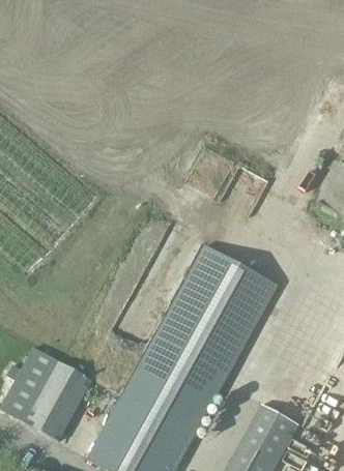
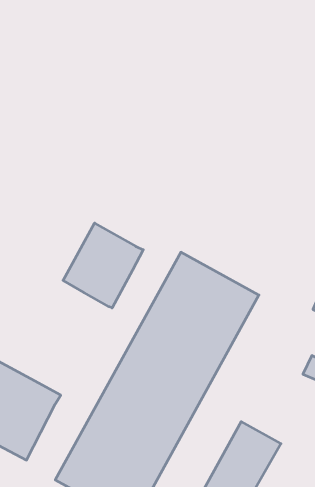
building: none -> [63,223,143,308]

